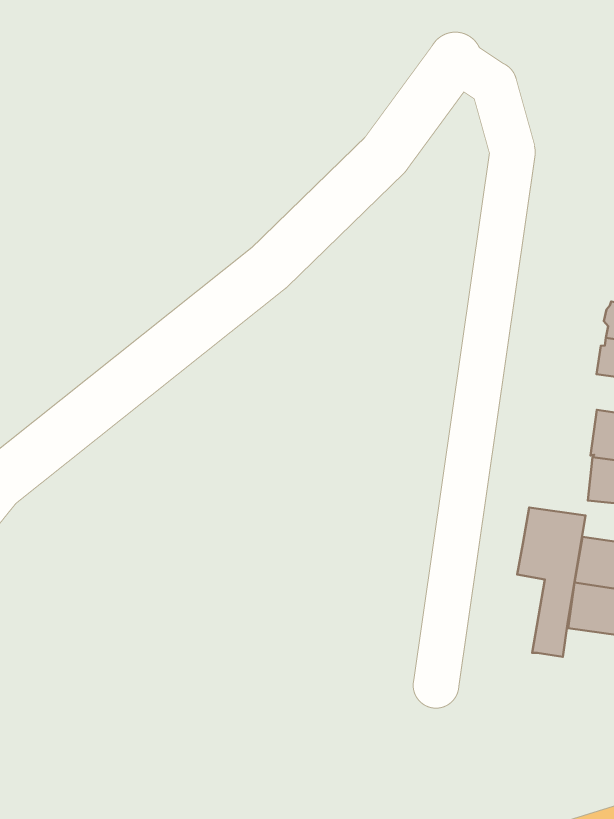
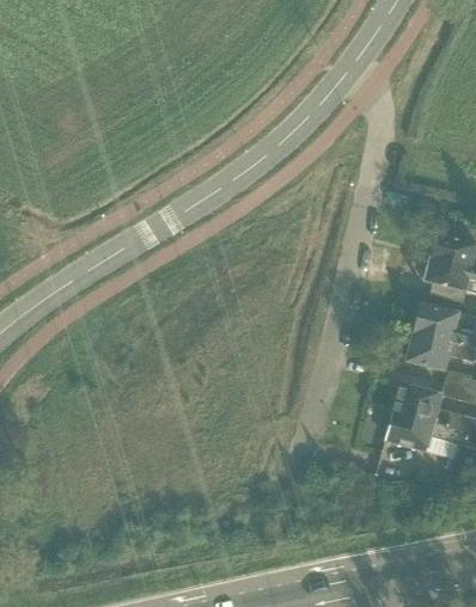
building: [517,507,586,657] -> none

